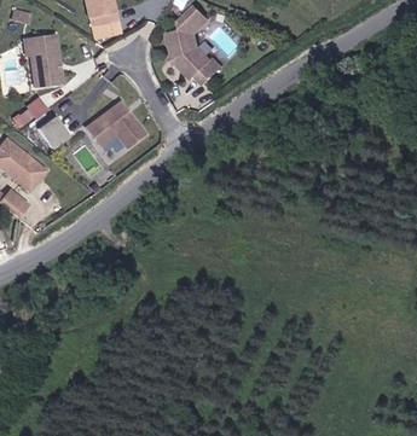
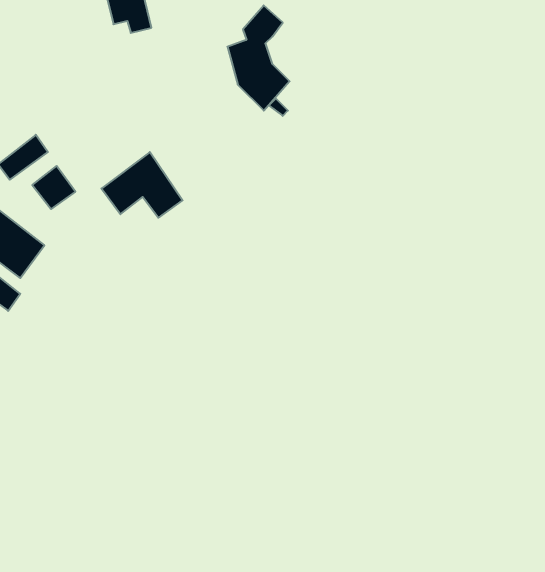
building: [30,36,59,85] -> none

